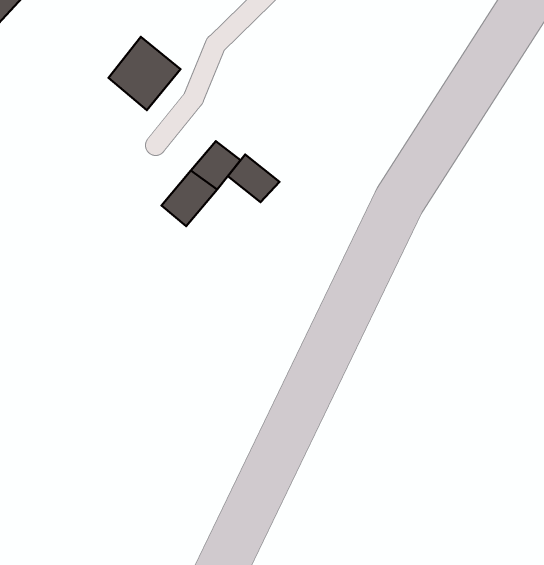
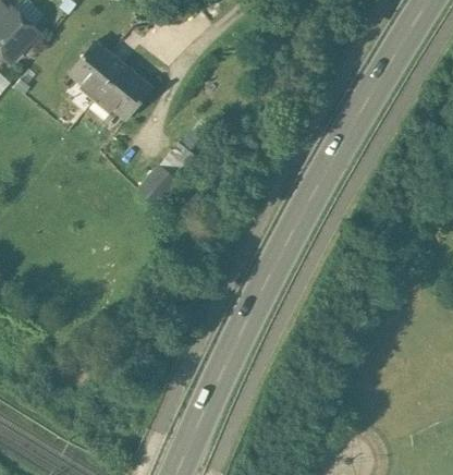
building: none -> [69,44,122,97]
building: [228,155,279,202] -> none

